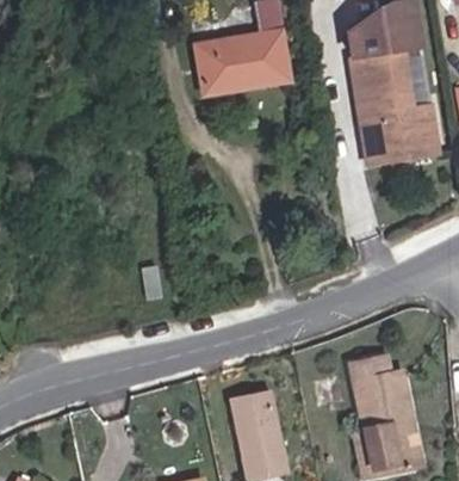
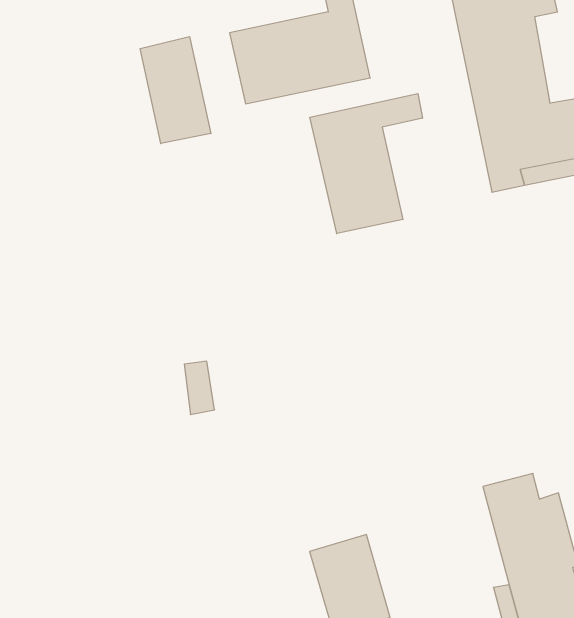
building: none -> [140,37,211,144]
building: none -> [310,94,422,234]

